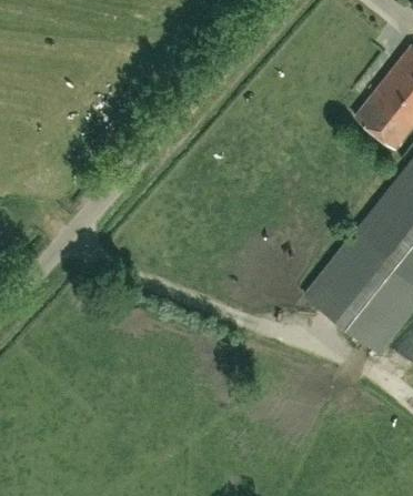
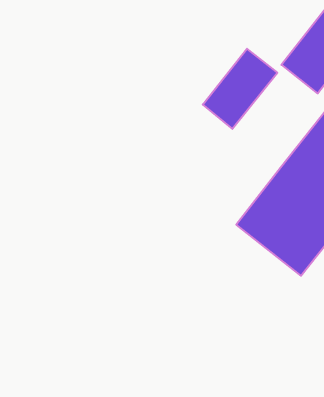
building: none -> [203,49,277,129]

